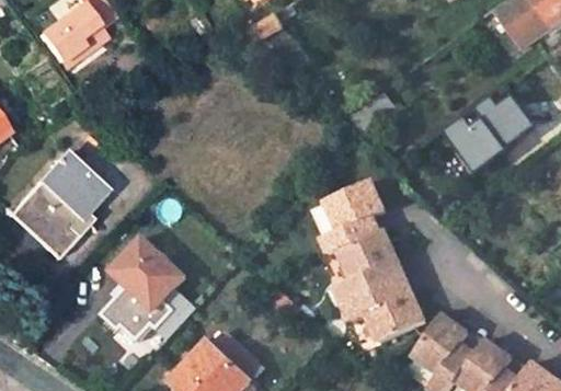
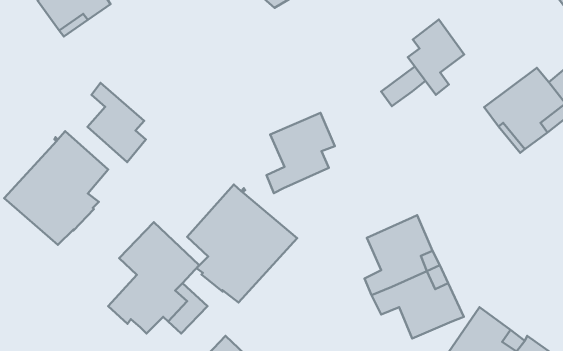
building: none -> [408,19,464,95]
building: none -> [88,83,146,162]
building: [323,183,386,256] -> [267,113,335,193]
building: none -> [187,184,297,302]

